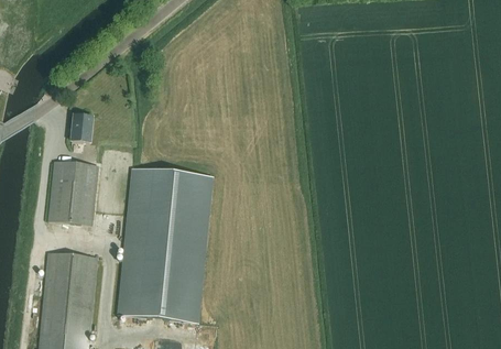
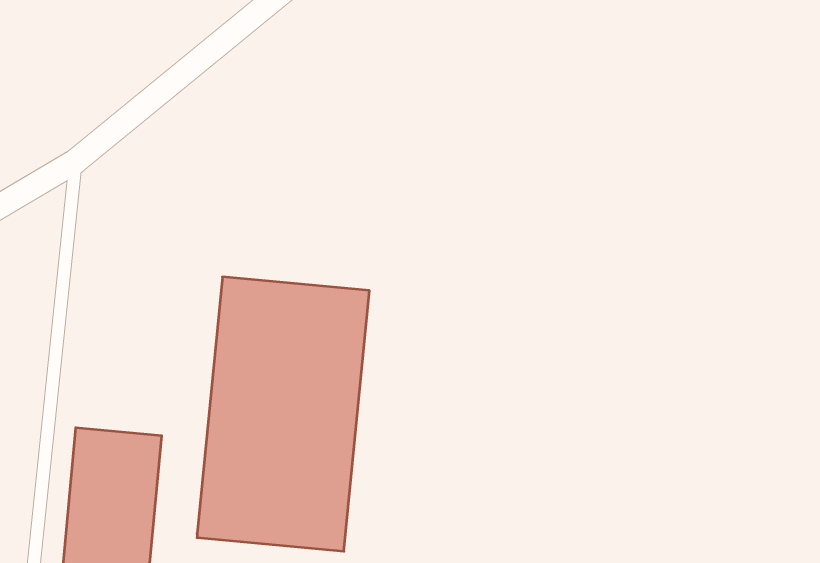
building: [72,114,94,142] -> none
building: [48,160,99,225] -> none

